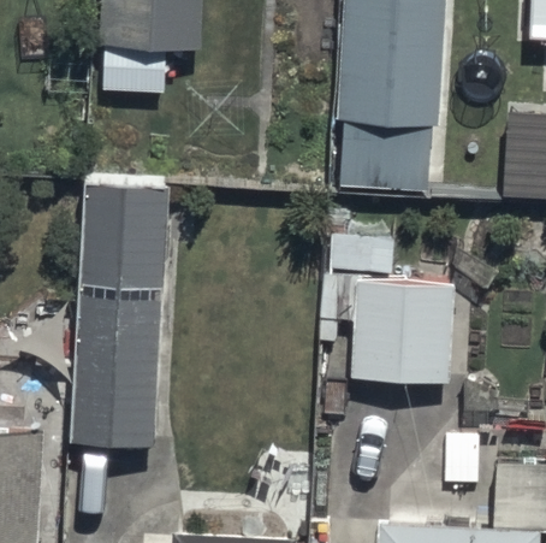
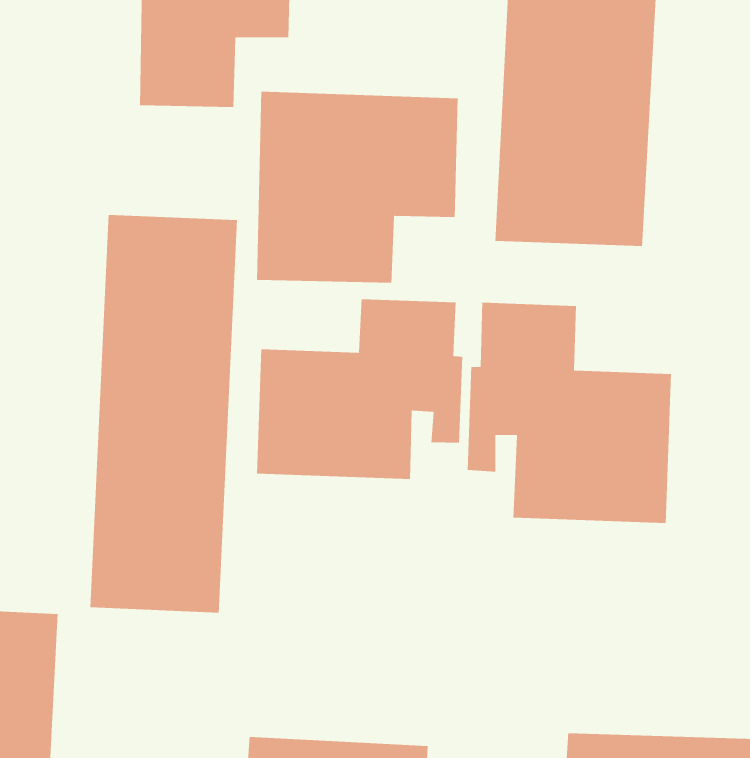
building: none -> [256,91,459,284]
building: none -> [256,299,463,480]

